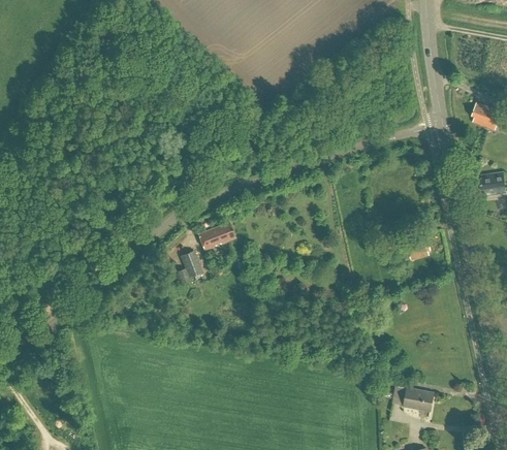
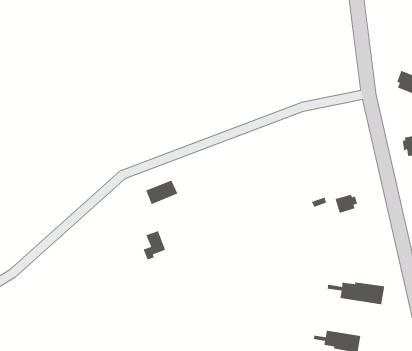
building: [178,251,203,284] -> [142,230,166,261]
building: none -> [327,281,385,305]

